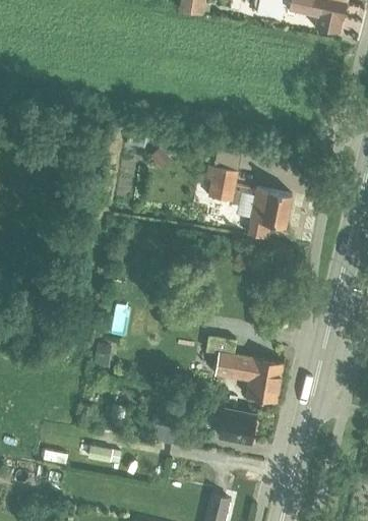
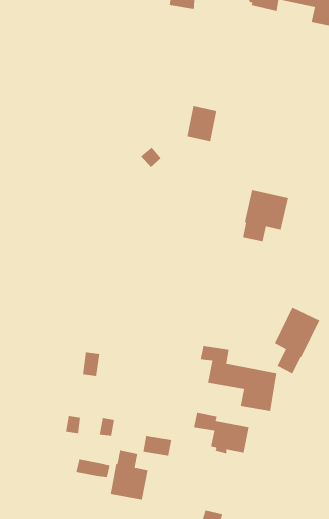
building: [208,166,238,201] -> [186,105,217,142]
building: none -> [274,306,320,375]
building: none -> [110,449,148,501]

